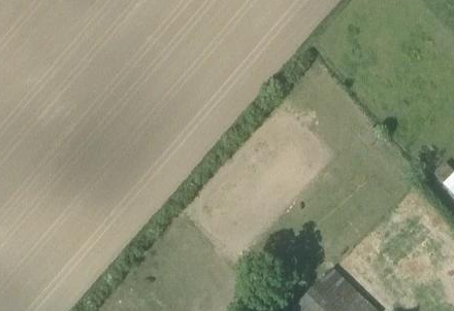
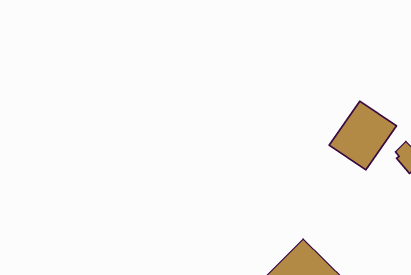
building: none -> [329,101,396,170]

